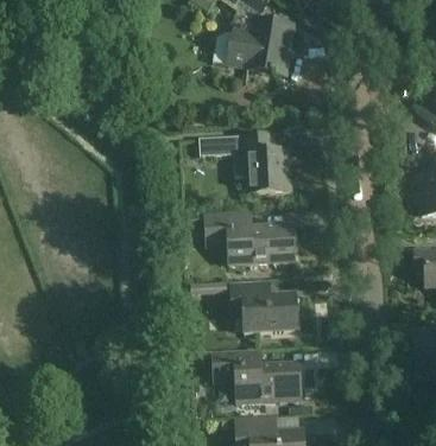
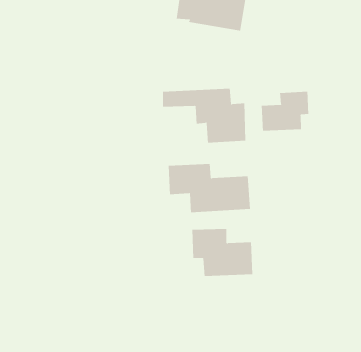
building: none -> [261,91,309,132]
building: [211,349,301,402] -> none

